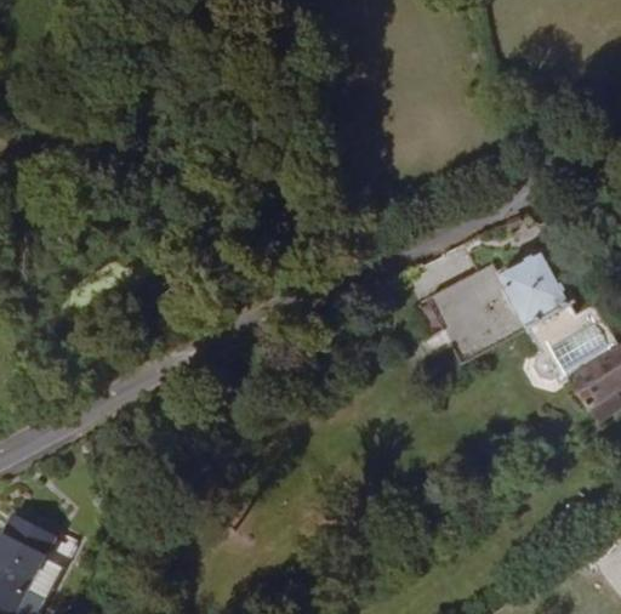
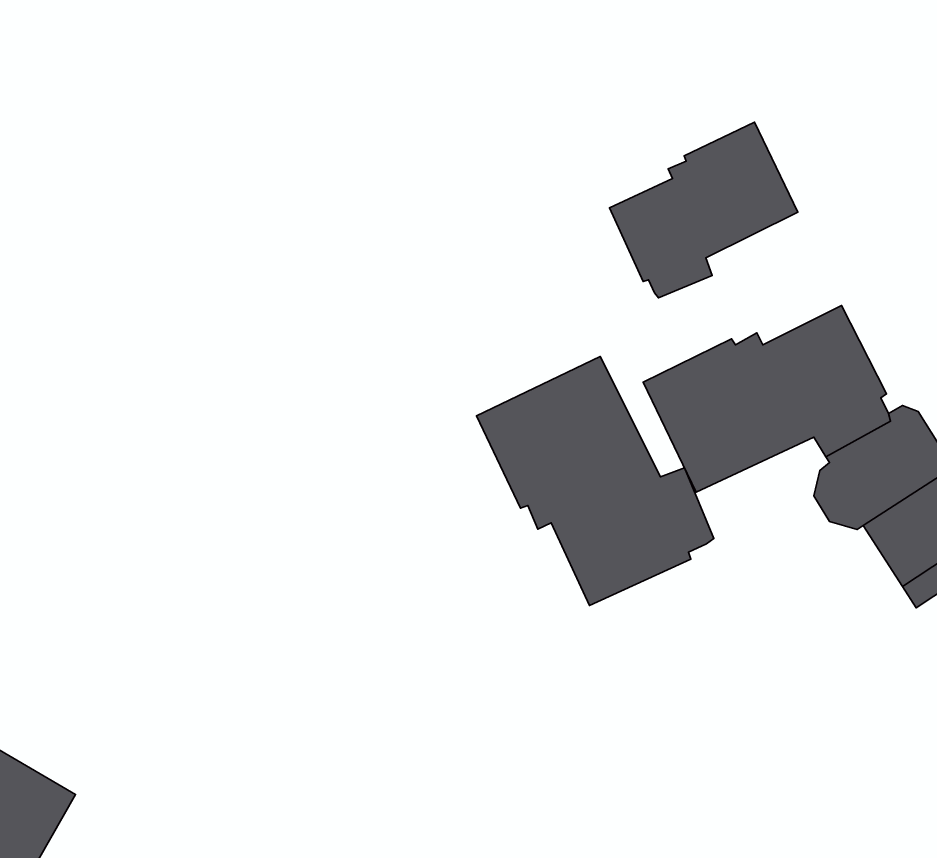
building: none -> [610,122,798,298]
building: none -> [477,356,714,605]

